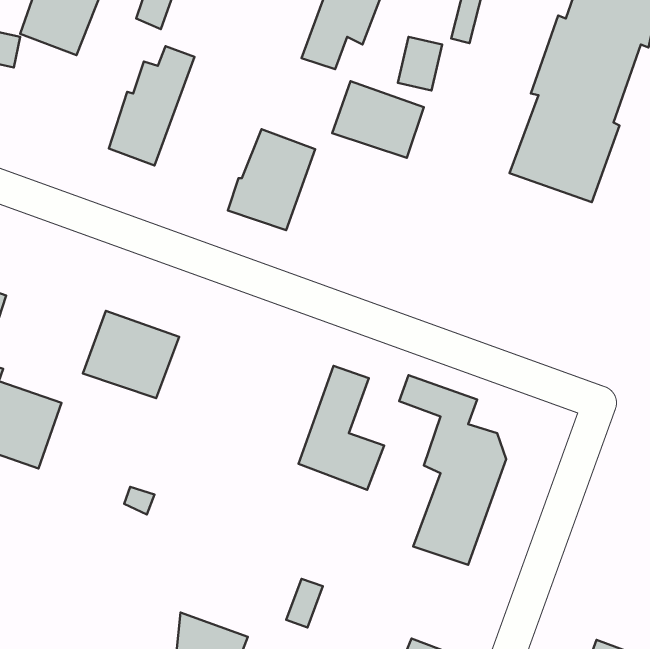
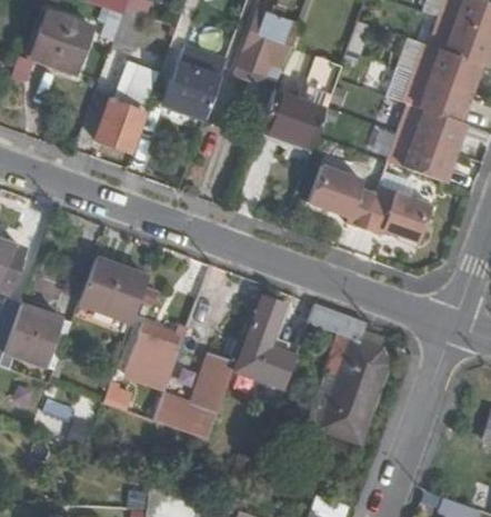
building: [228,129,315,230] -> [163,43,227,117]
building: none -> [309,163,432,239]
building: none -> [126,325,178,386]
building: none -> [154,354,234,441]

